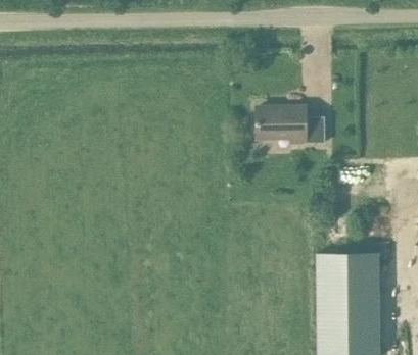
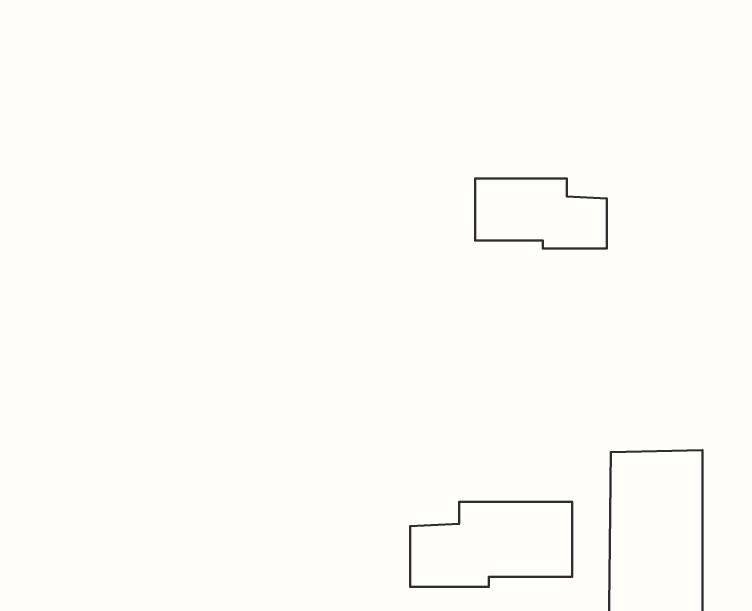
building: none -> [410,502,572,587]

